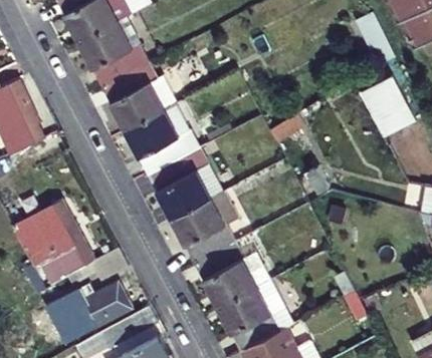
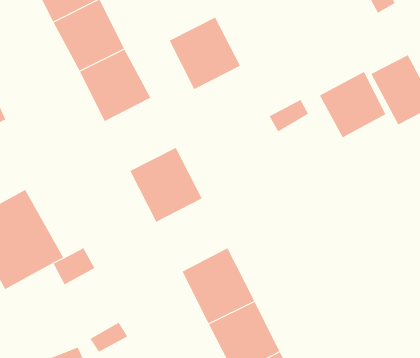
building: none -> [319,71,386,138]
building: [128,113,191,177] -> [169,17,241,90]
building: [173,202,236,266] -> none
building: [52,285,129,331] -> none

